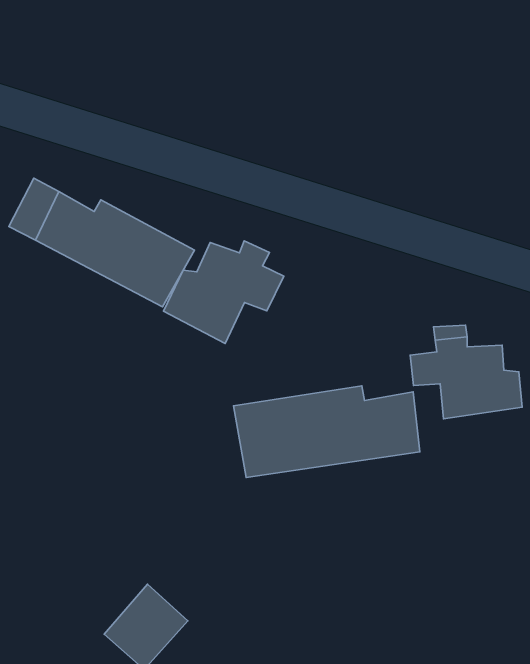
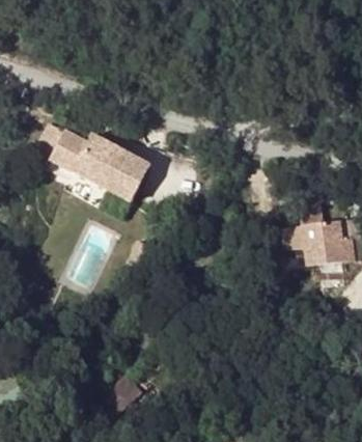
building: [163,241,284,343] -> none
building: [234,386,420,478] -> none

